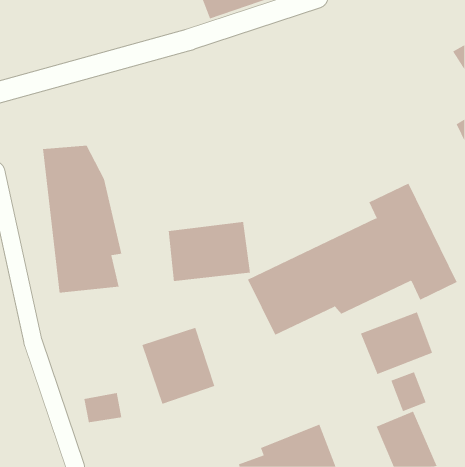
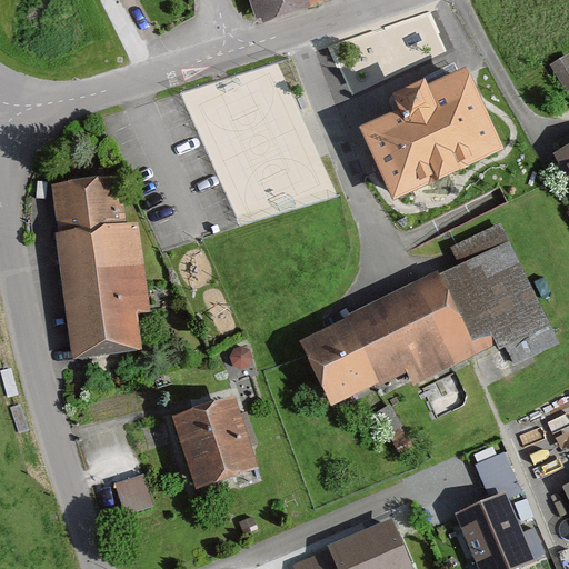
building: none -> [360,63,510,203]
building: [168,221,250,282] -> none
building: [360,311,433,375] -> none

